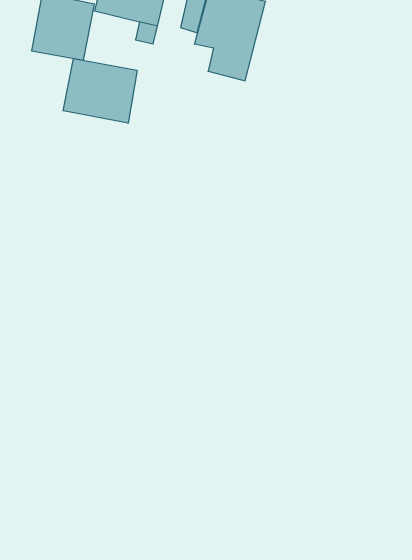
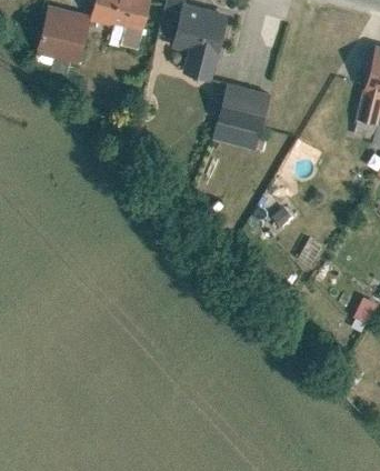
building: [63,58,137,123] -> none
building: none -> [212,84,270,152]

